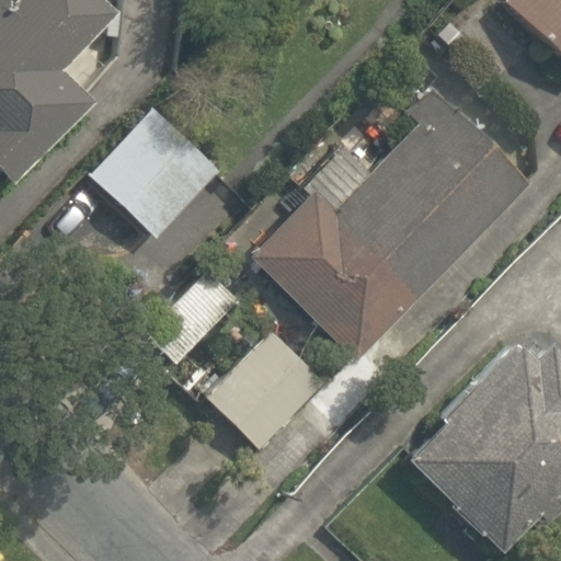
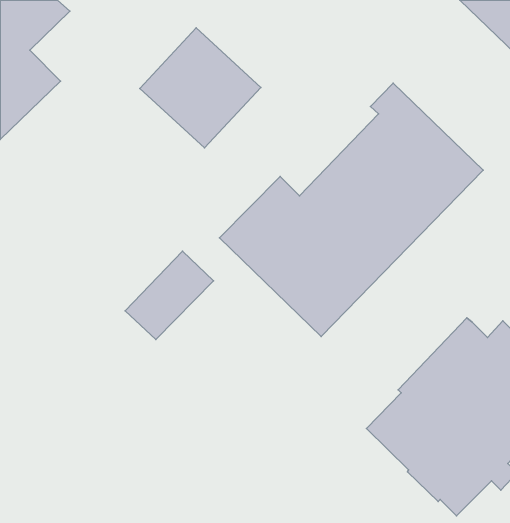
building: [84,103,214,231] -> [140,28,261,148]
building: [208,330,329,451] -> none

